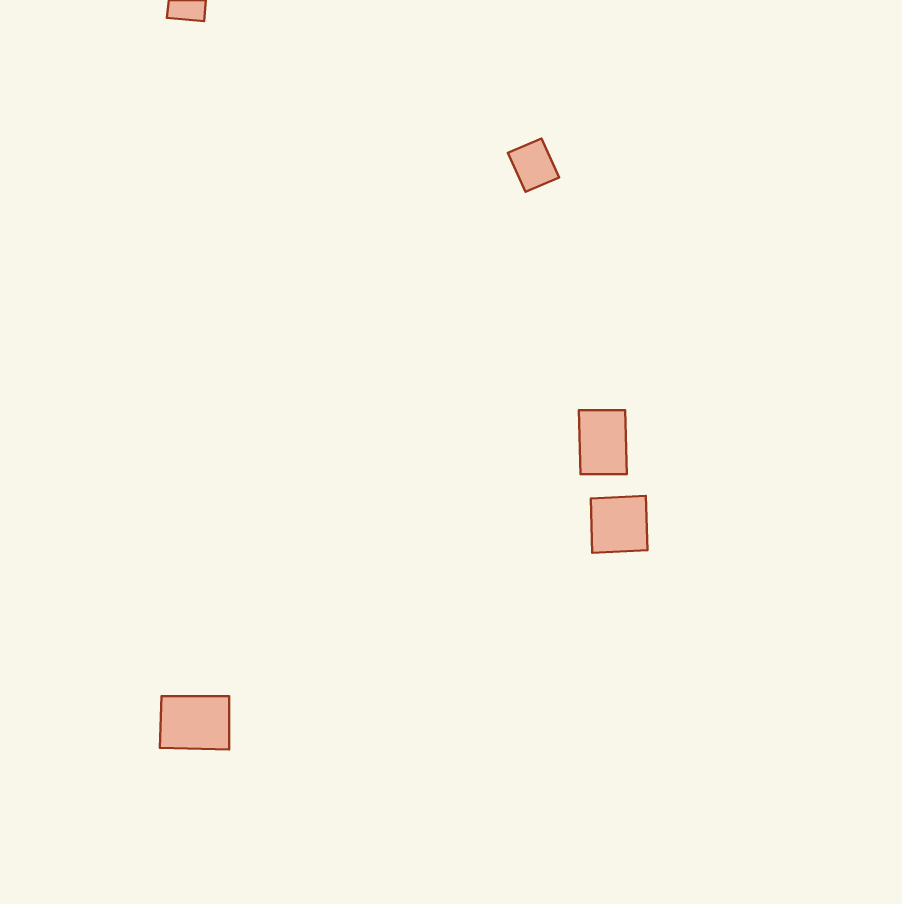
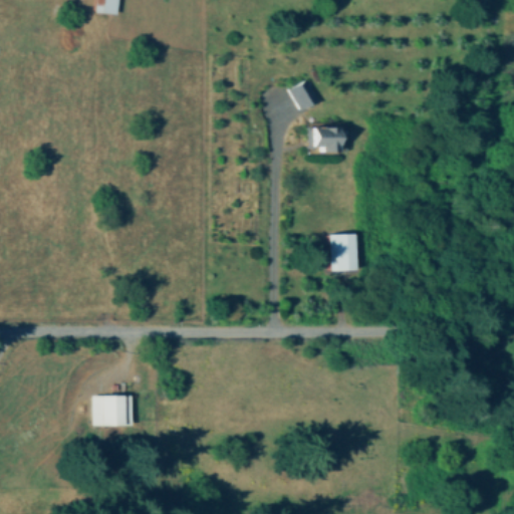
building: none -> [313,126,342,154]
building: [591,496,647,553] -> none

